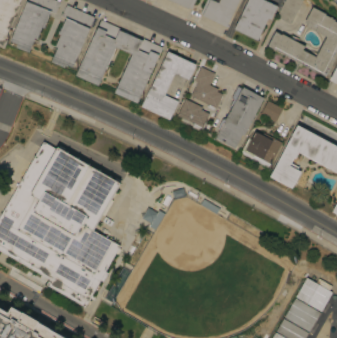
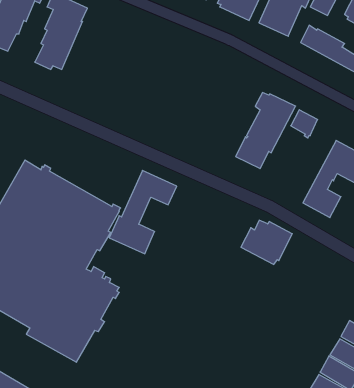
building: [77,19,163,103] -> none
building: [142,51,197,119] -> [109,170,177,254]
building: [192,66,223,110] -> none
building: [178,98,210,130] -> none
building: [241,131,283,167] -> [241,220,292,264]

